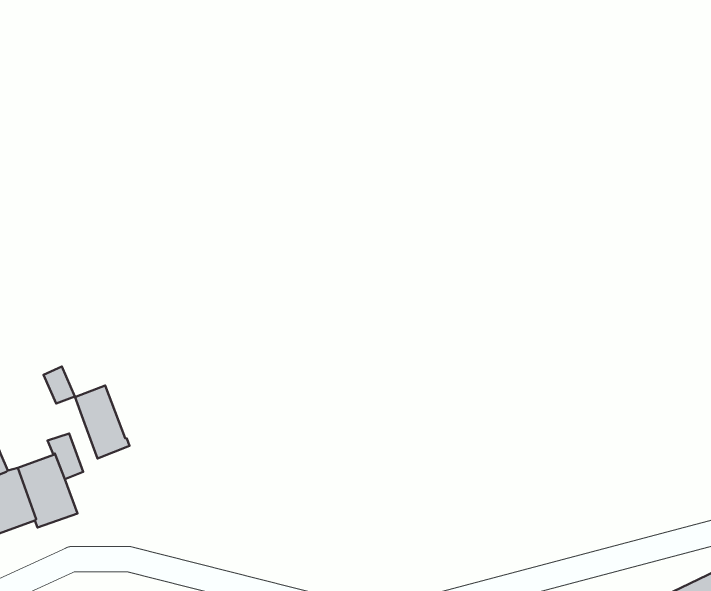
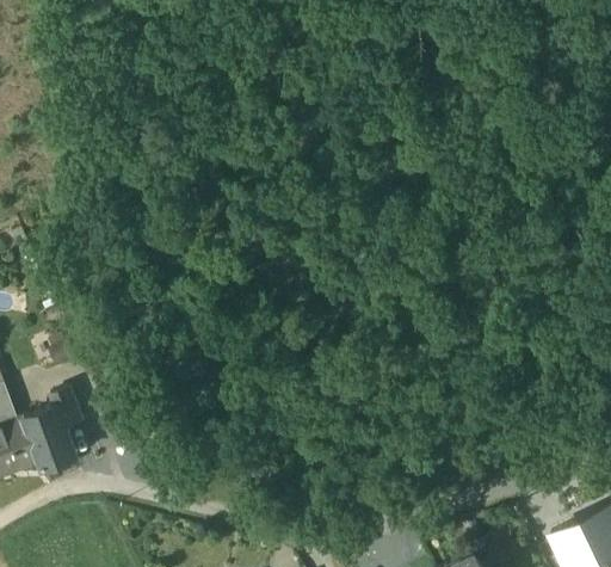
building: [75,386,129,458] -> none

